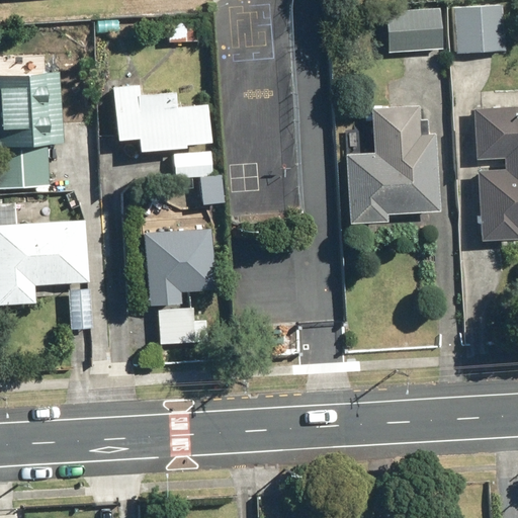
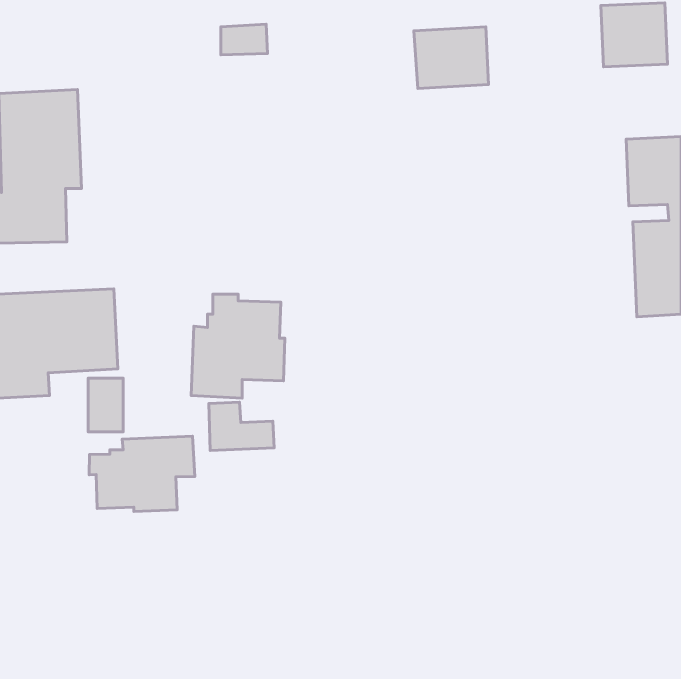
building: [386,7,443,54] -> [414,27,489,88]
building: [112,84,212,184] -> none
building: [347,105,439,224] -> none
building: none -> [89,436,195,511]

